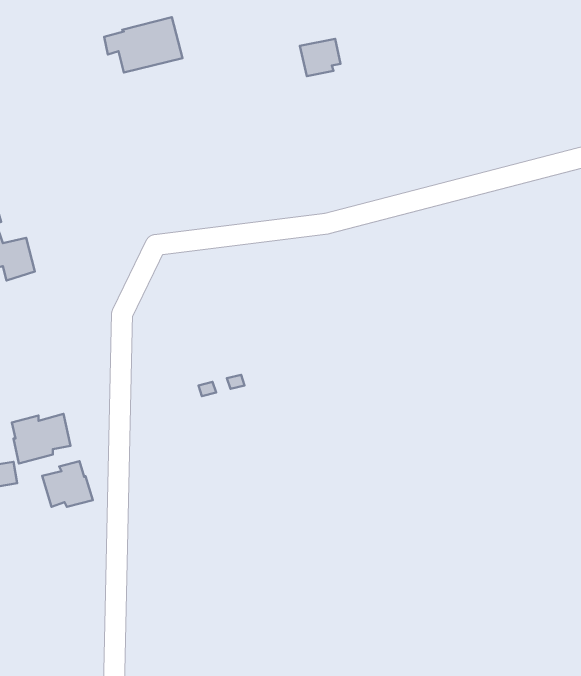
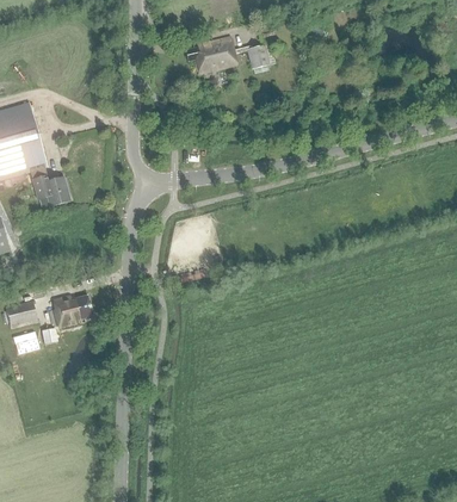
building: [104,17,182,72] -> [185,36,237,73]
building: [42,461,93,507] -> none

